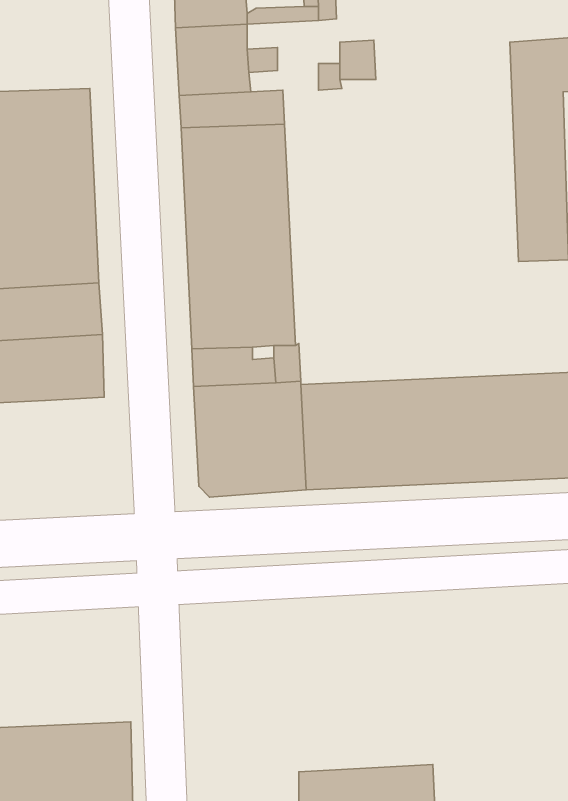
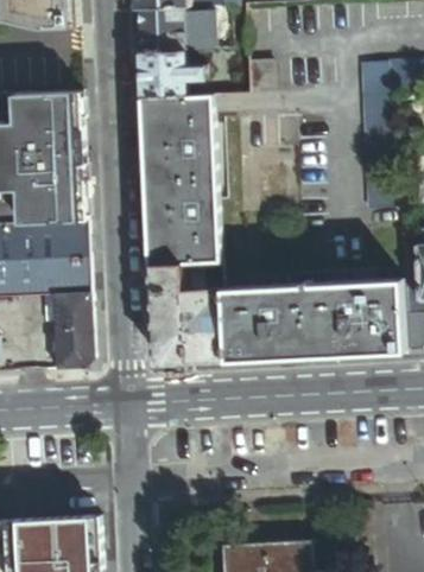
building: none -> [51,297,94,369]

